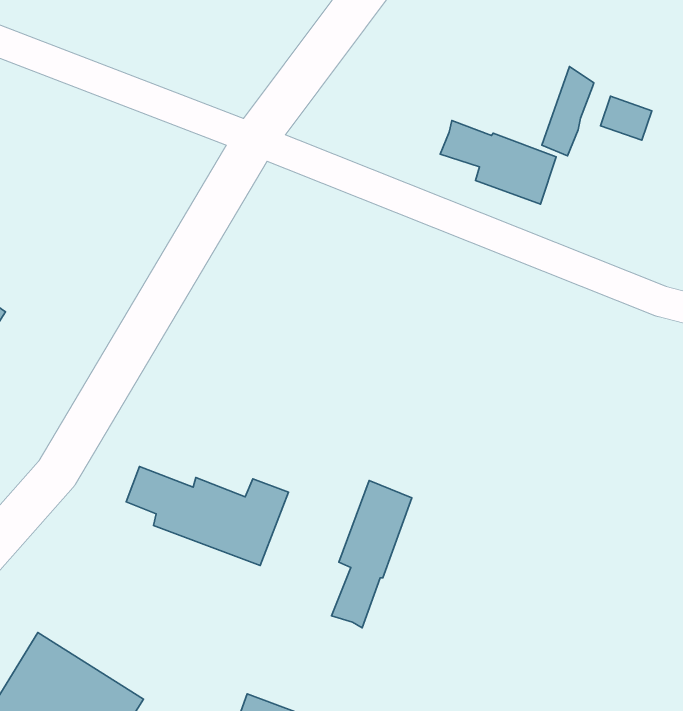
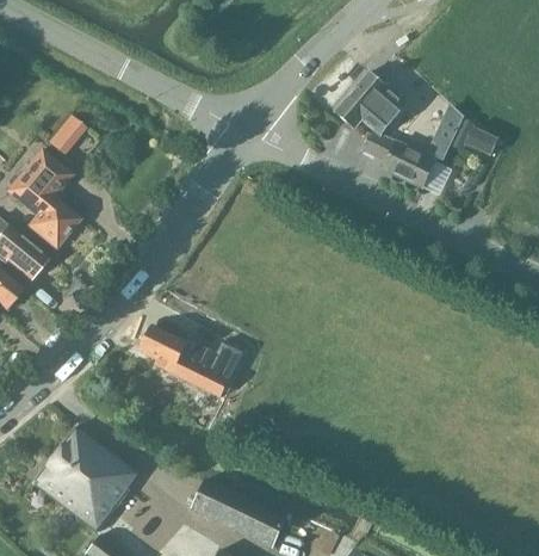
building: none -> [333,70,405,134]
building: [332,481,412,628] -> none

